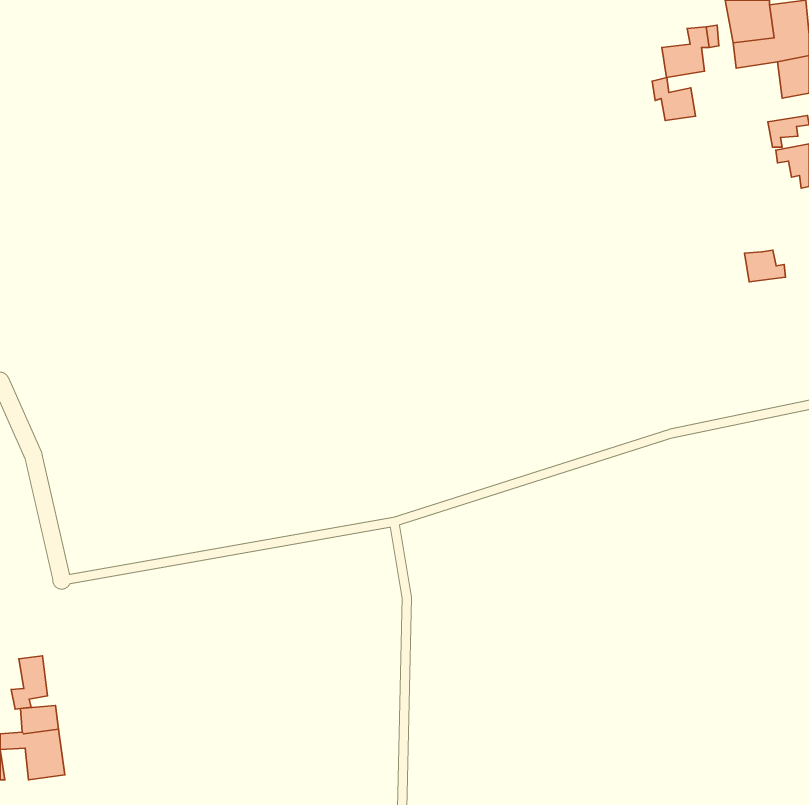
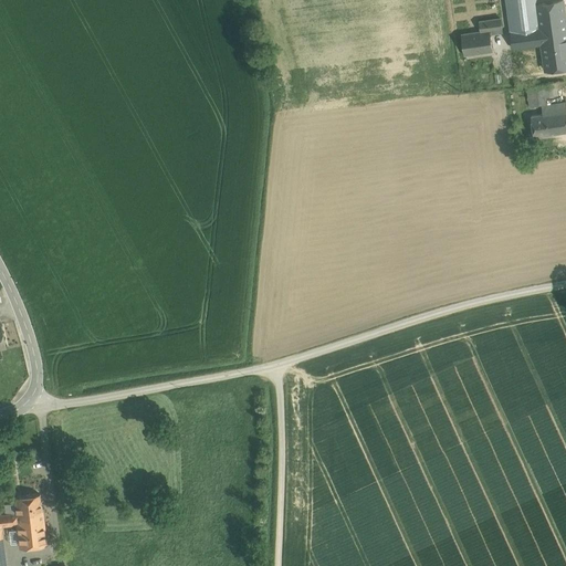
building: [652,77,695,121] -> none
building: [744,250,786,282] -> [531,115,559,137]
building: [11,656,47,709] -> none

